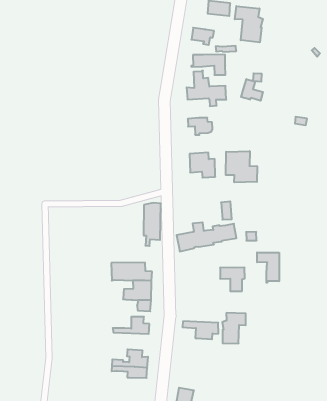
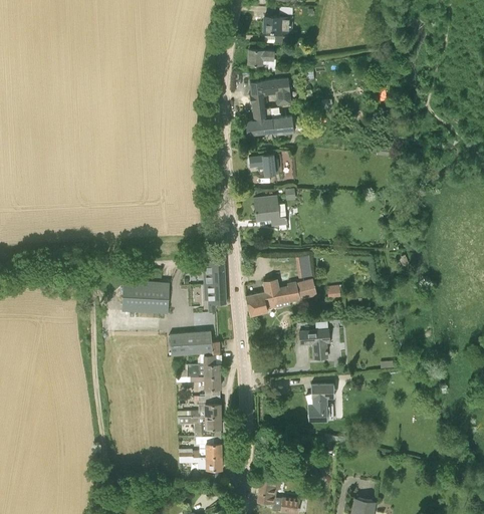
building: [235,6,263,42] -> none
building: [241,79,263,101] -> none
building: [226,151,257,182] -> none
building: none -> [123,281,169,313]
building: [257,252,279,283] -> none
building: [182,321,218,339] -> [178,416,221,436]

